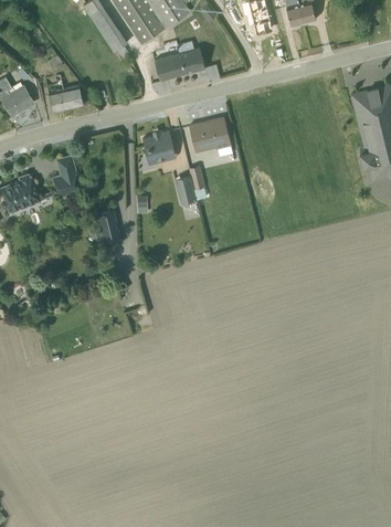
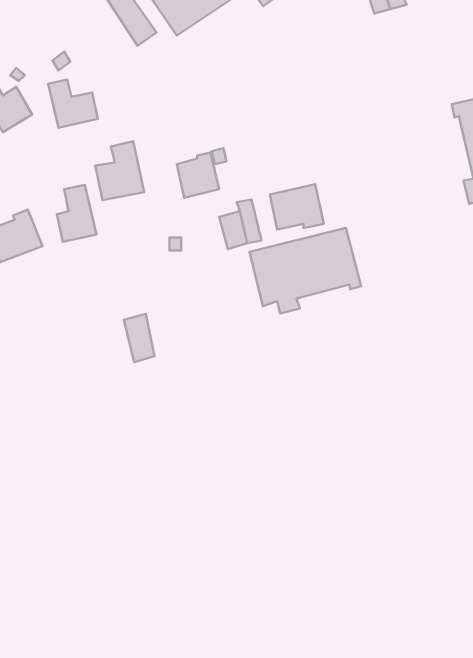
building: [155,48,204,80] -> none
building: [189,118,230,152] -> [270,184,324,230]
building: none -> [95,141,144,200]
building: none -> [250,228,361,313]
building: [97,209,120,245] -> [124,314,155,362]

